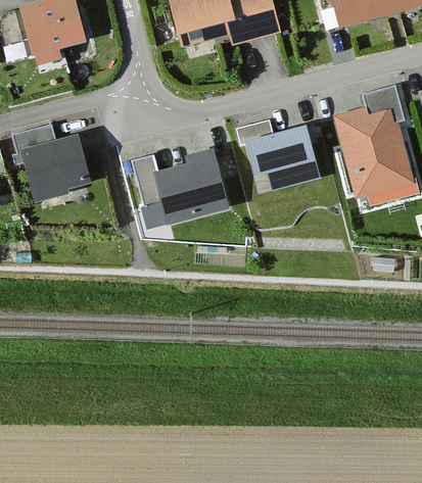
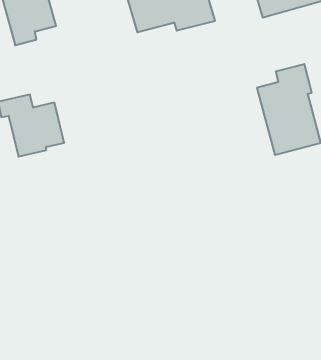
building: [233,118,318,179] -> none
building: [130,148,232,233] -> none

